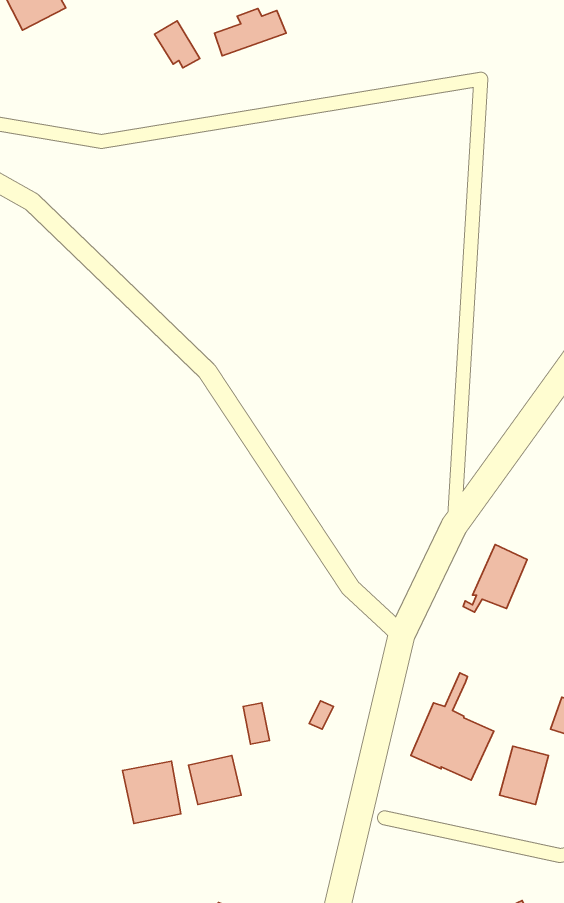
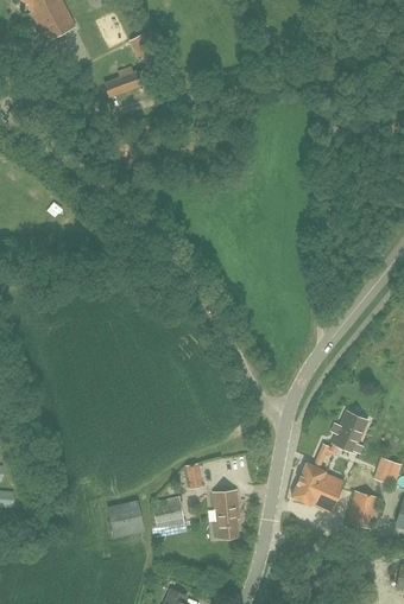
building: [215,9,286,56] -> [103,66,149,96]
building: [463,544,527,612] -> [326,411,366,453]
building: none -> [213,490,239,538]

